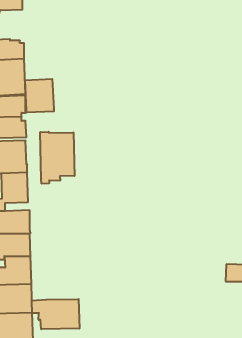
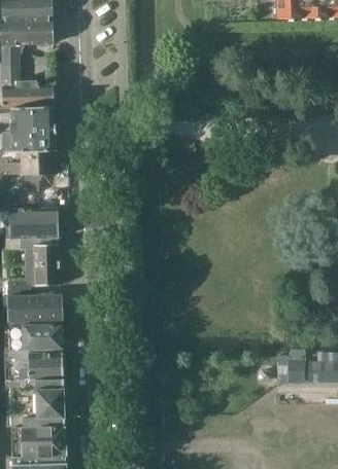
building: [25,79,54,113] -> none
building: [40,132,74,184] -> none
building: none -> [277,351,303,385]
building: [32,299,79,329] -> none

